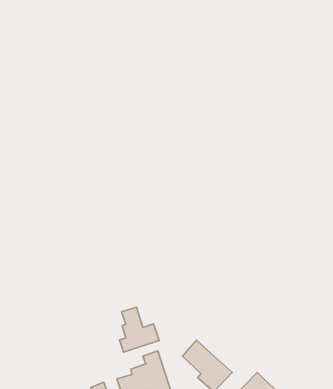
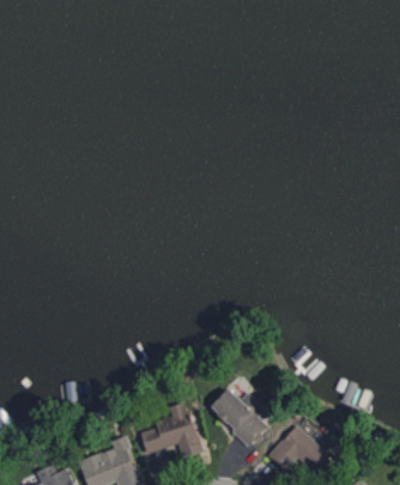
building: [120,307,159,352] -> none

